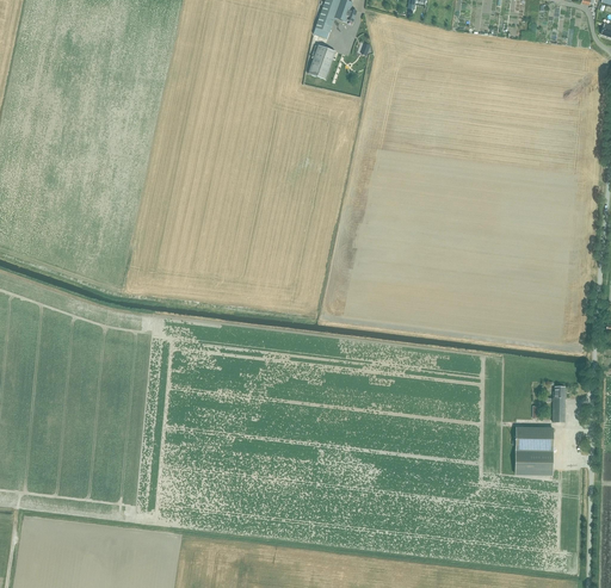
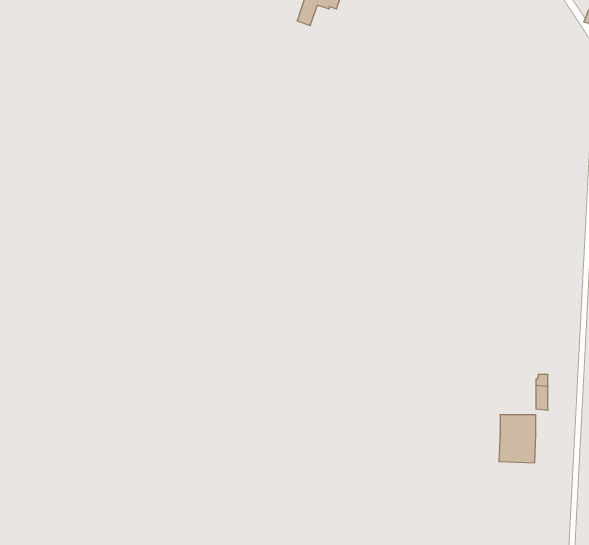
building: [308,44,335,79] -> none

